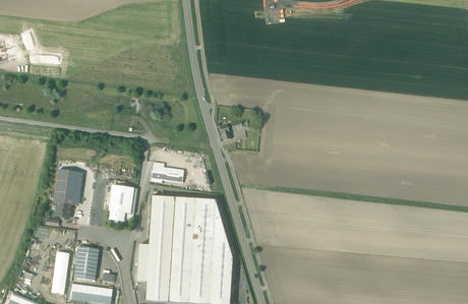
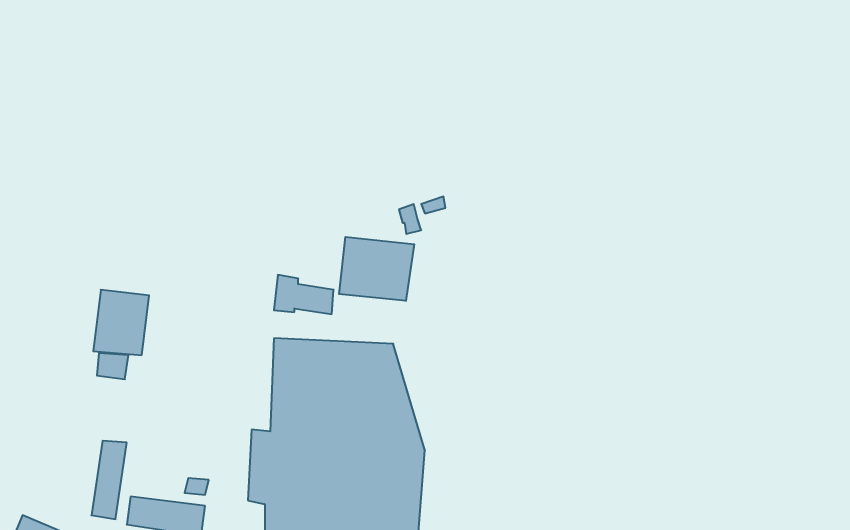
building: none -> [339,237,414,301]
building: [109,185,133,220] -> none
building: [73,246,100,279] -> none

